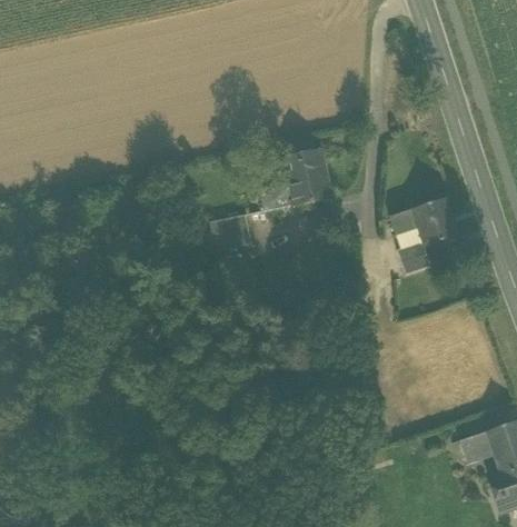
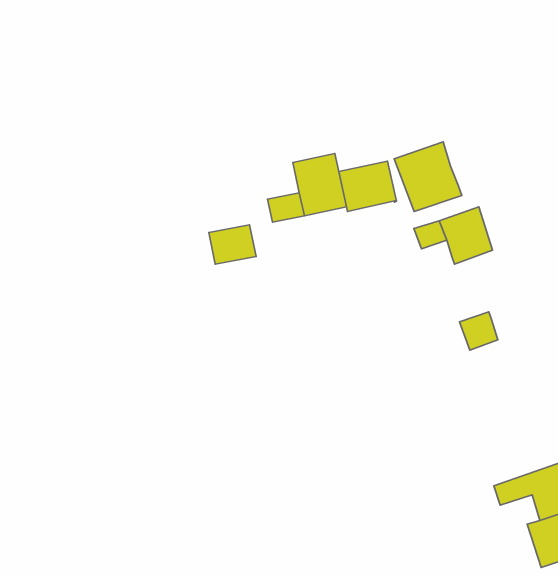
building: none -> [394,142,462,211]
building: none -> [339,161,396,212]
building: [397,240,430,274] -> [460,312,498,350]

